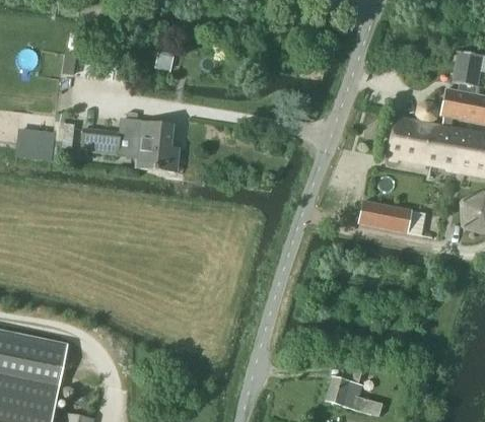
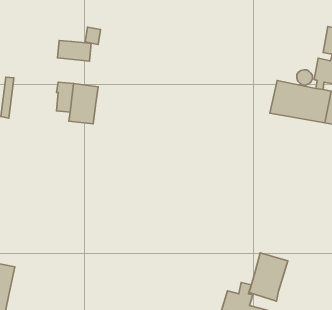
building: [80,128,122,153] -> [58,41,91,61]
building: [358,201,424,234] -> none
building: none -> [249,253,288,301]

